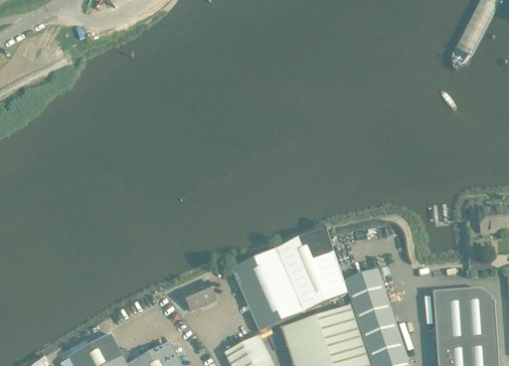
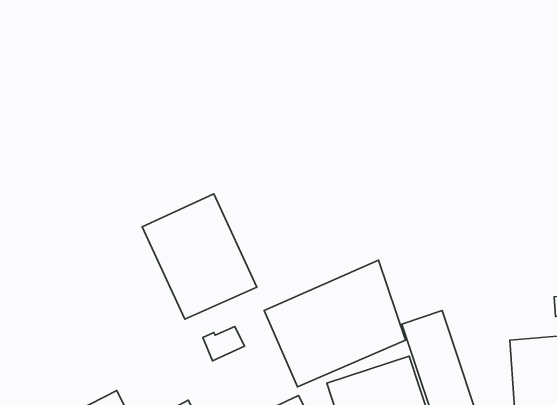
building: none -> [142,194,257,319]

